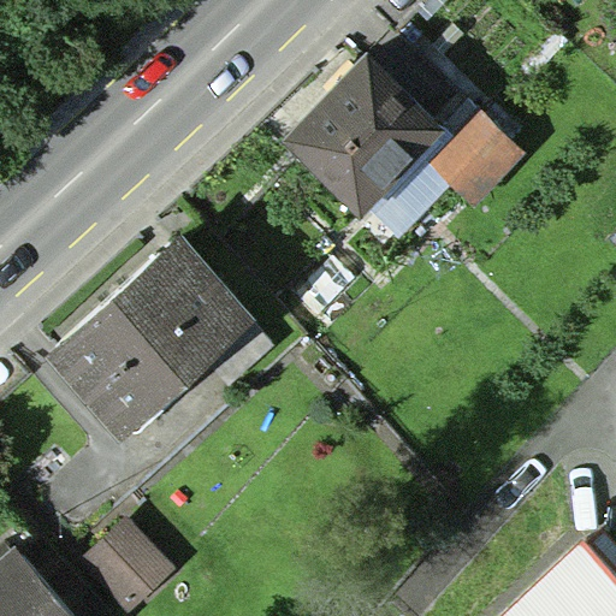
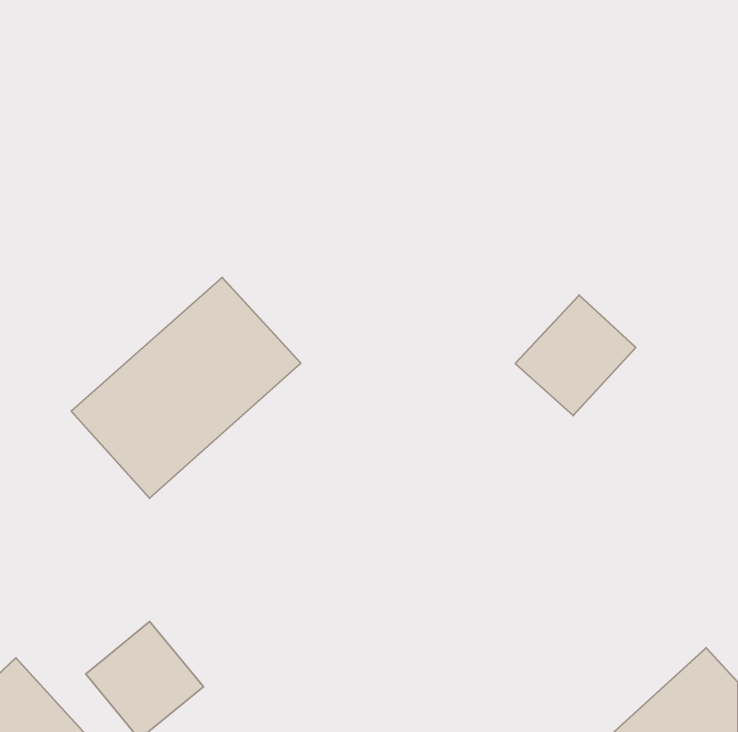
building: [294,54,439,200] -> none
building: [417,113,517,213] -> [515,295,636,416]

